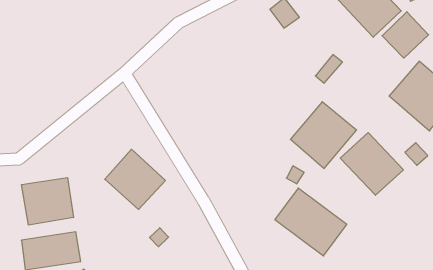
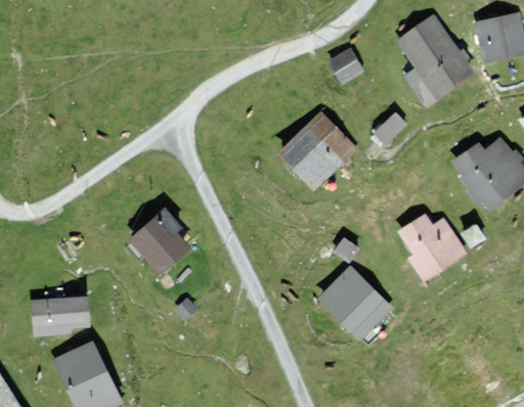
building: [382,12,429,58] -> none
building: [290,102,357,169] -> [276,114,352,189]
building: [22,178,73,225] -> none

